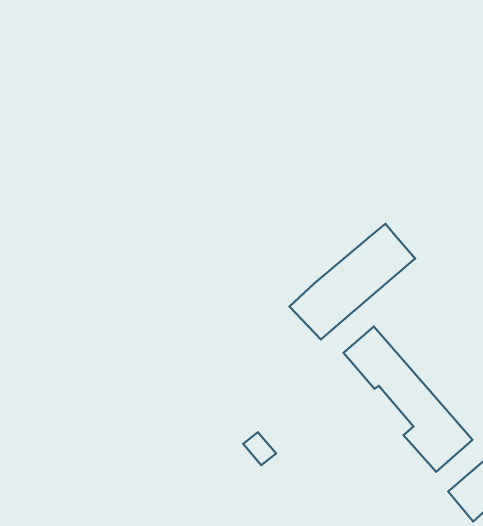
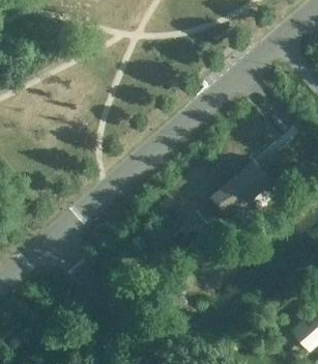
building: [343,327,472,472] -> none

